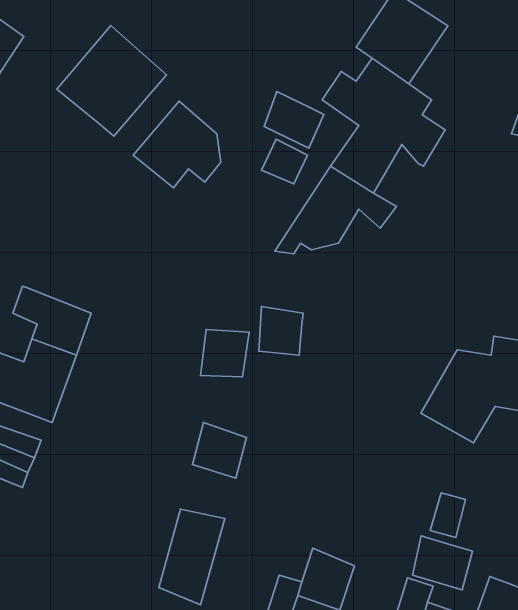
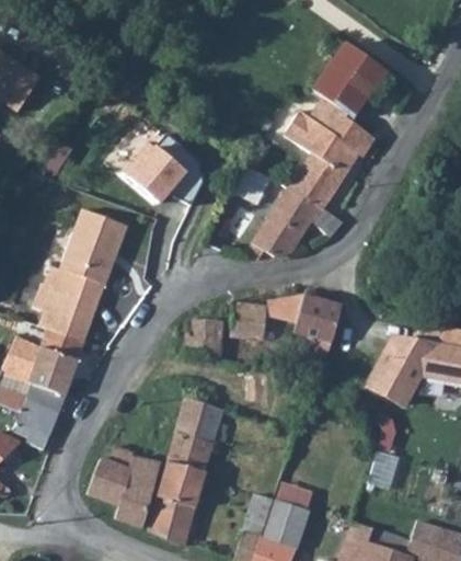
building: [57,26,167,136] -> none
building: [264,91,324,148] -> none
building: none -> [43,207,127,306]
building: none -> [266,294,341,357]
building: none -> [168,428,212,472]
building: none -> [88,455,160,525]
building: [412,536,472,590] -> none

